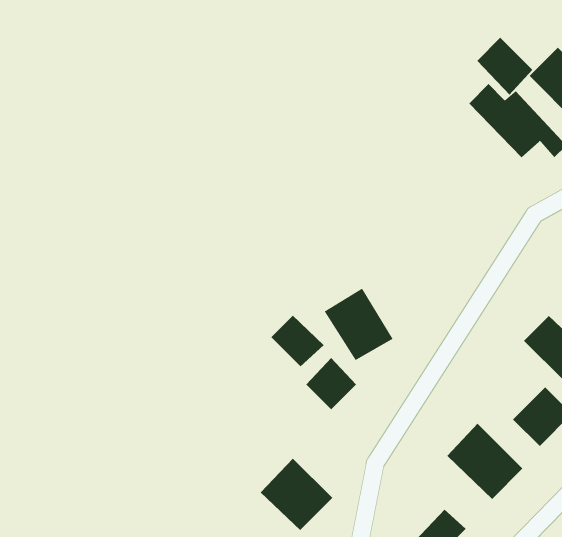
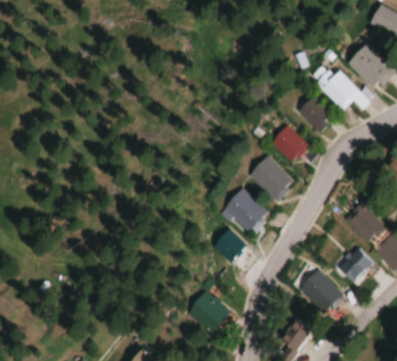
building: [477,37,533,95] -> [299,96,333,131]
building: none -> [272,124,310,163]
building: none -> [249,156,294,200]
building: [270,315,325,367] -> none

